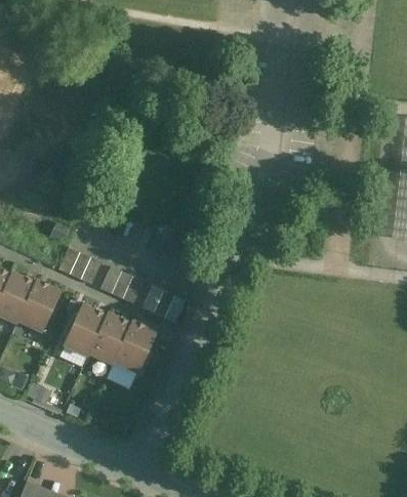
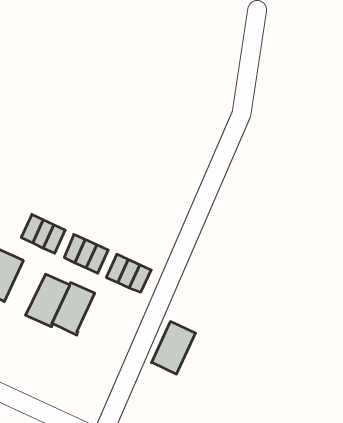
building: [113,320,156,371] -> [151,322,196,374]

